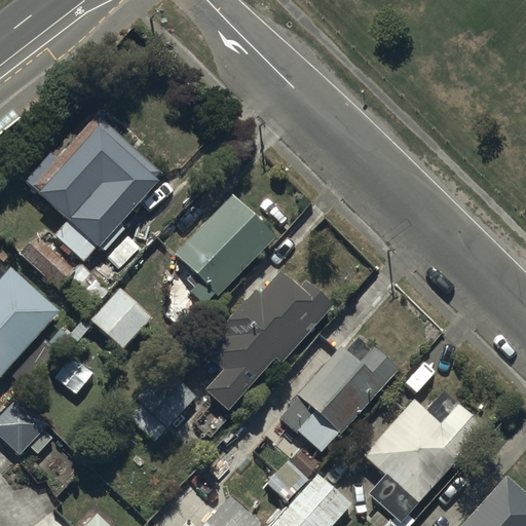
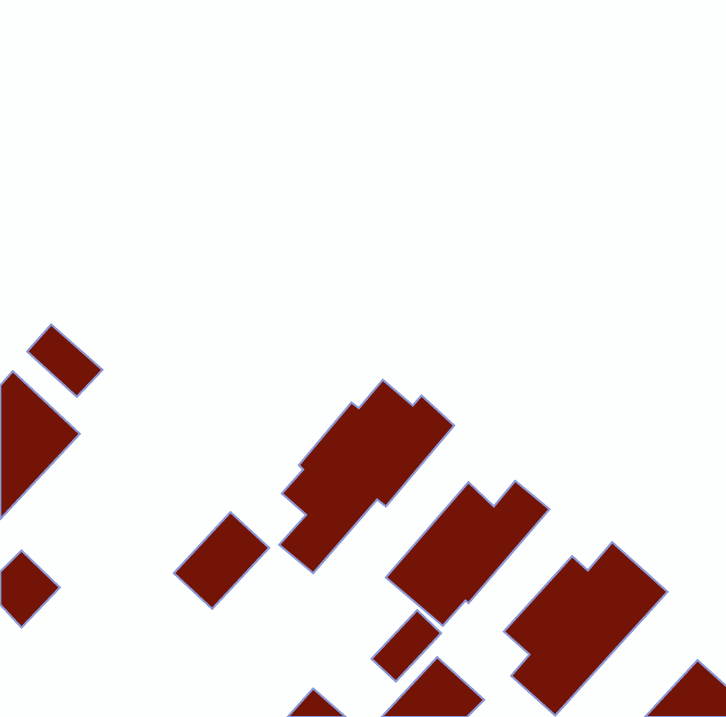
building: [24,111,159,255] -> none
building: [174,190,273,304] -> none
building: [90,289,150,348] -> none

